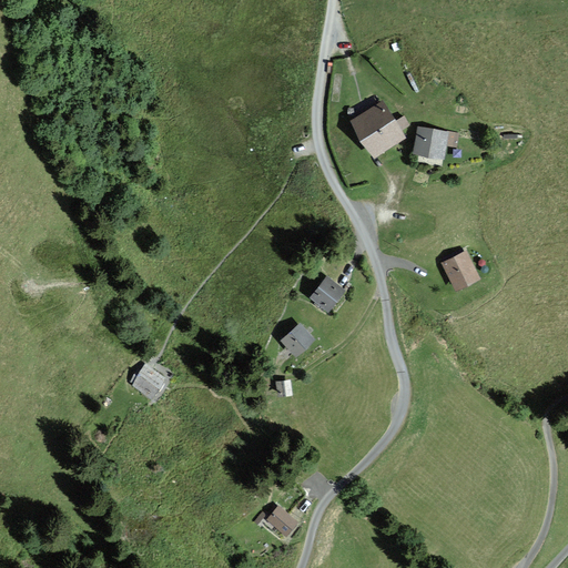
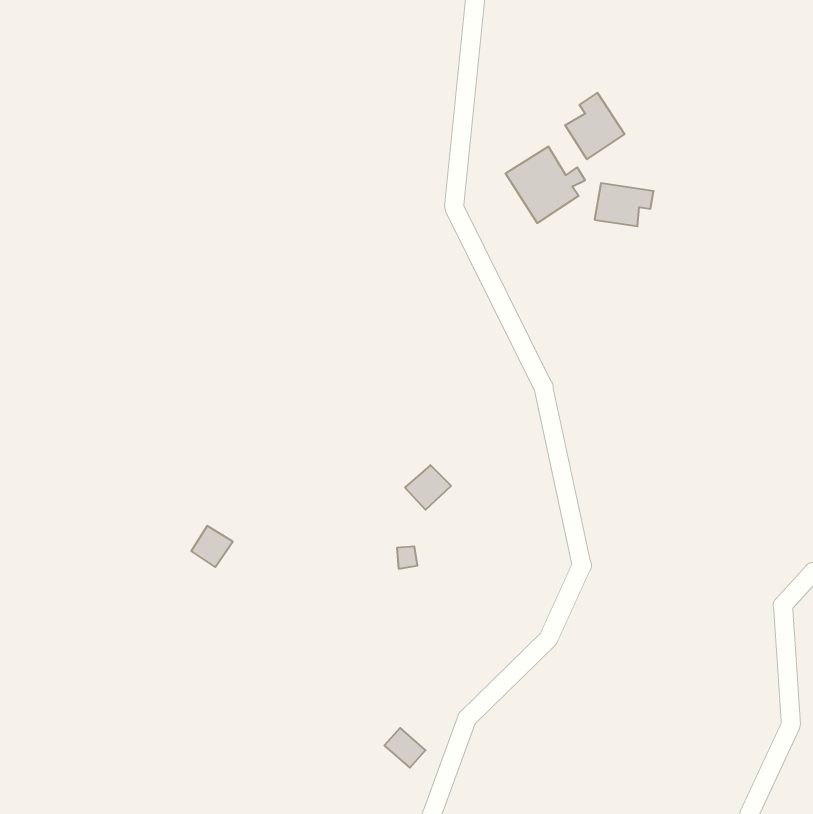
building: none -> [565,93,624,159]
building: [442,251,478,290] -> none
building: [312,277,343,310] -> none

